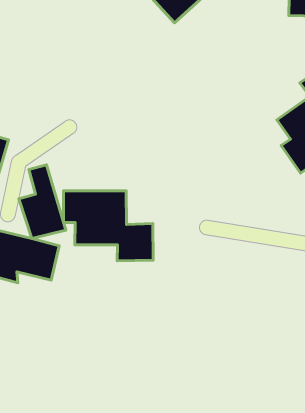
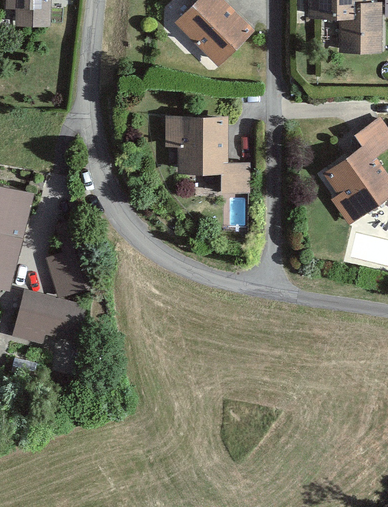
building: none -> [165,117,251,198]
building: [63,191,153,261] -> none

